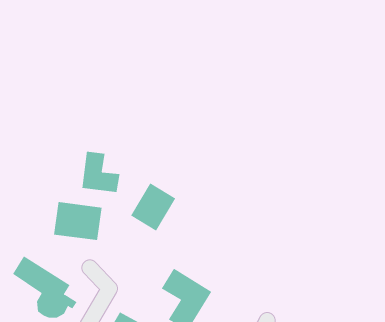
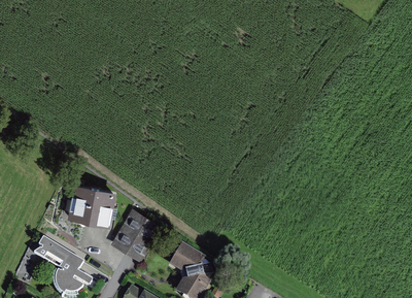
building: [82,151,120,193] -> none
building: [130,182,176,232] -> [112,211,153,256]

